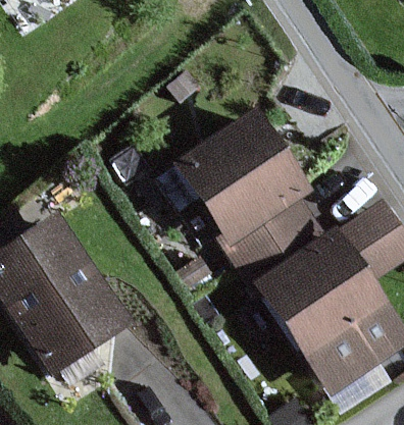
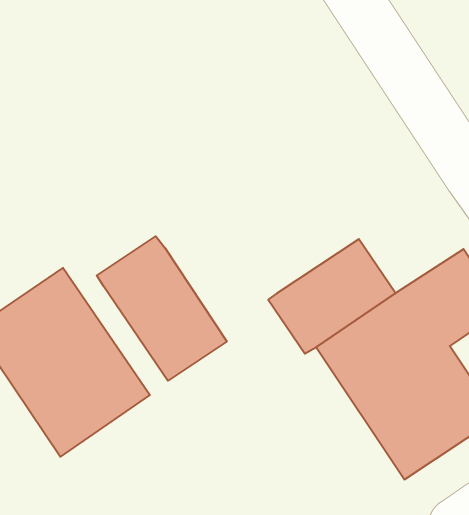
building: [180,115,305,238] -> none
building: none -> [97,236,227,381]

